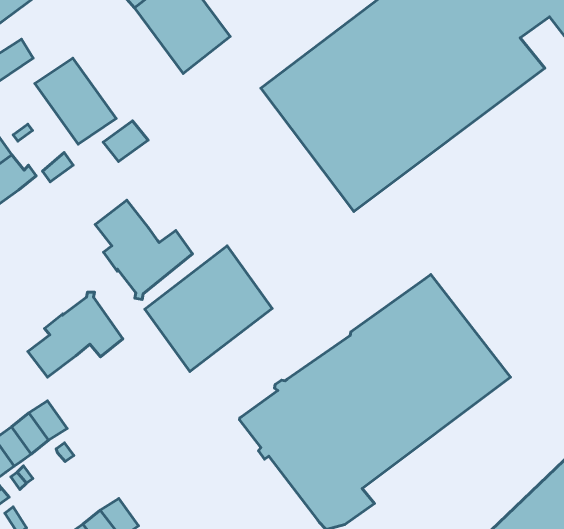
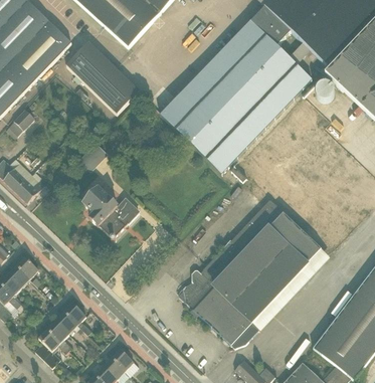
building: [35,58,116,144] -> none
building: [145,246,272,372] -> none
building: [28,292,123,377] -> none

